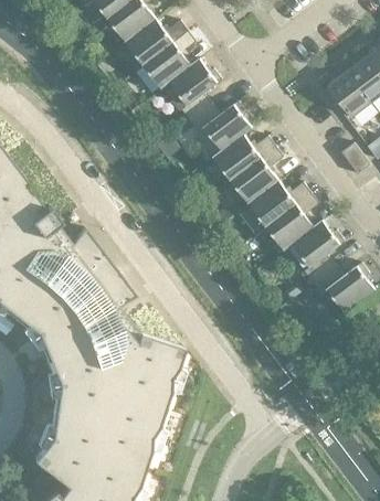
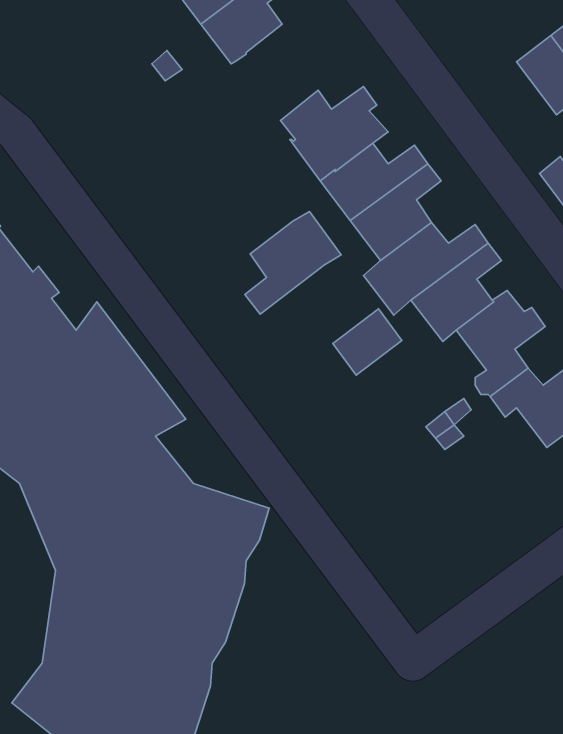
building: [162,60,221,122] -> none
building: none -> [245,211,341,314]
building: none -> [333,309,402,375]

